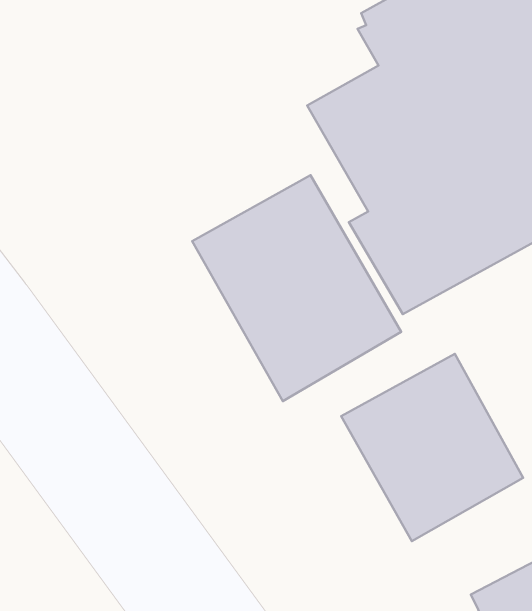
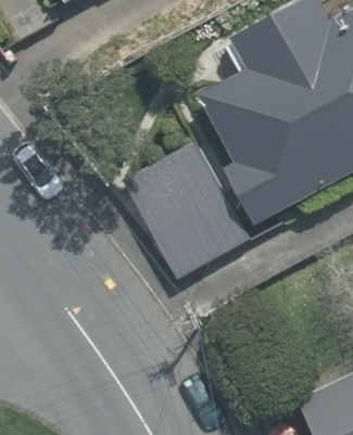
building: [341,354,523,541] -> none

